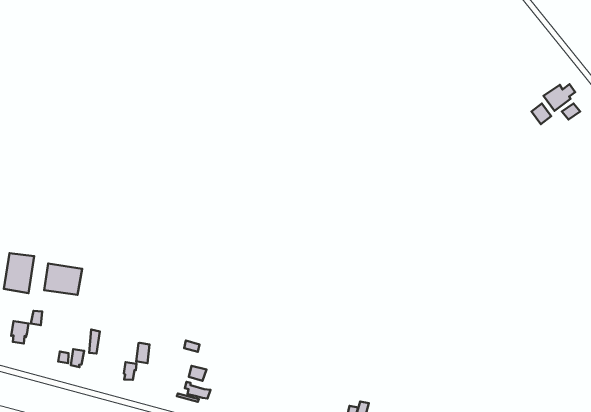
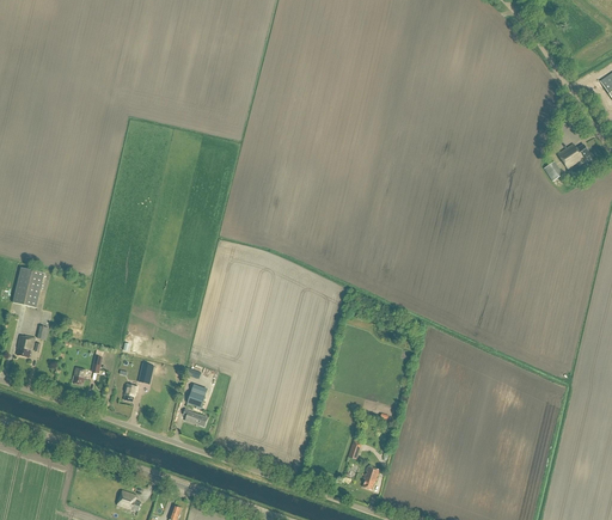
building: [44,264,82,295] -> none

